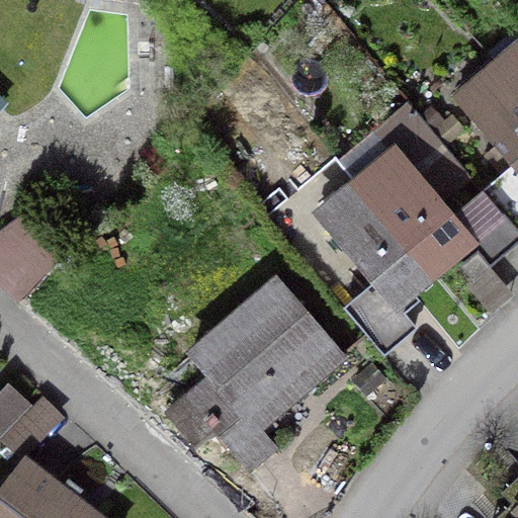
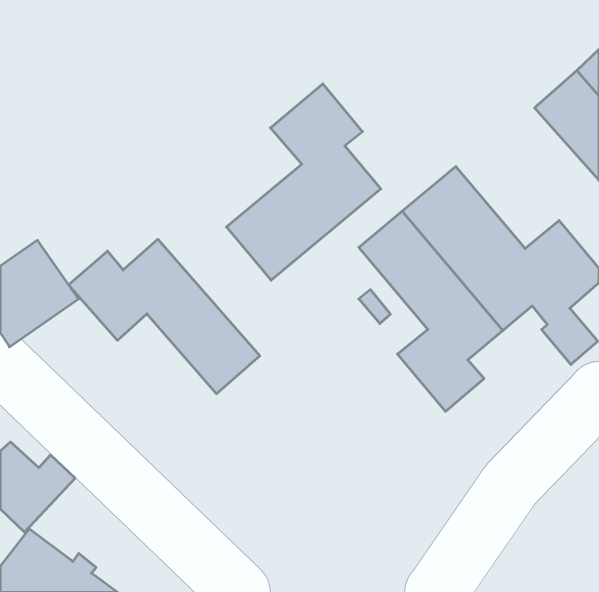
building: none -> [226,84,381,280]
building: none -> [69,239,260,394]
building: [162,275,347,472] -> none

